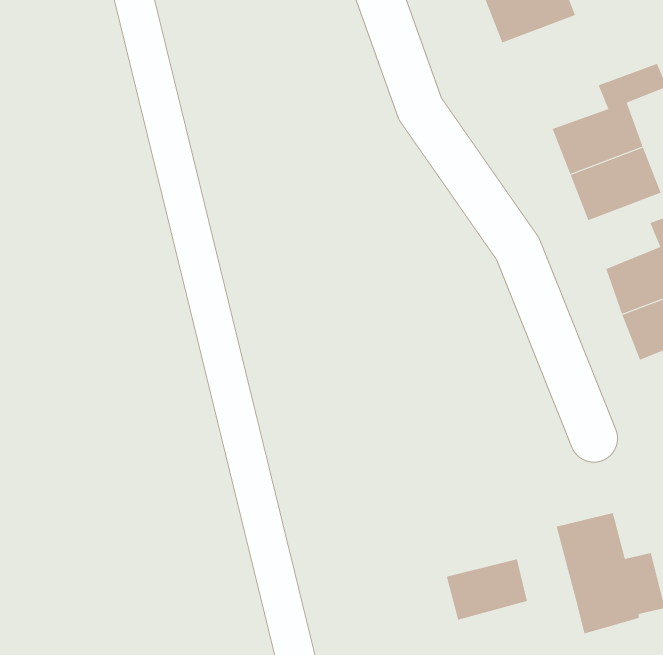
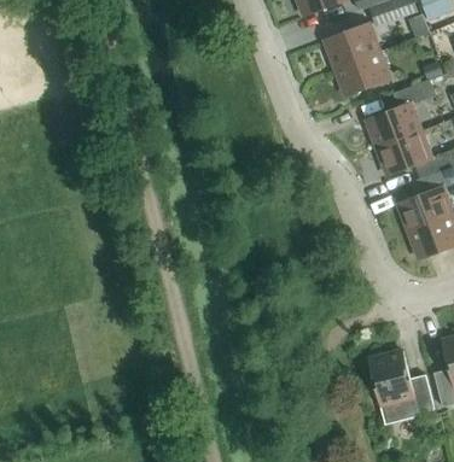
building: none -> [334,49,389,94]
building: [446,559,528,621] -> none

